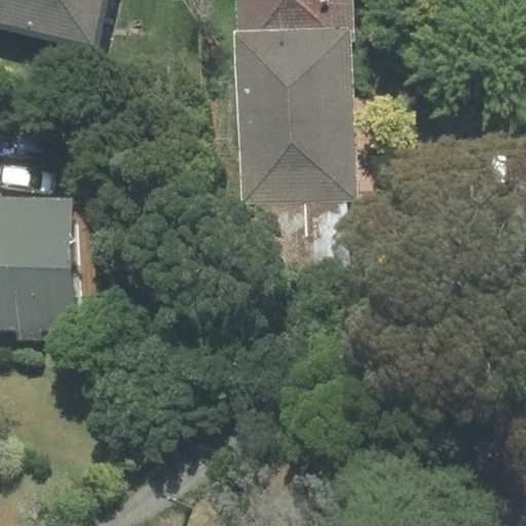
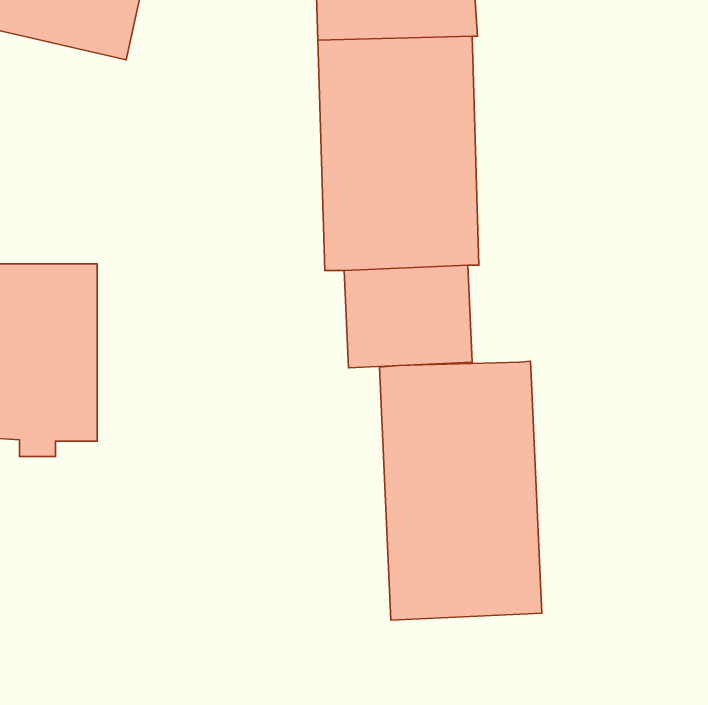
building: none -> [380,361,542,620]

